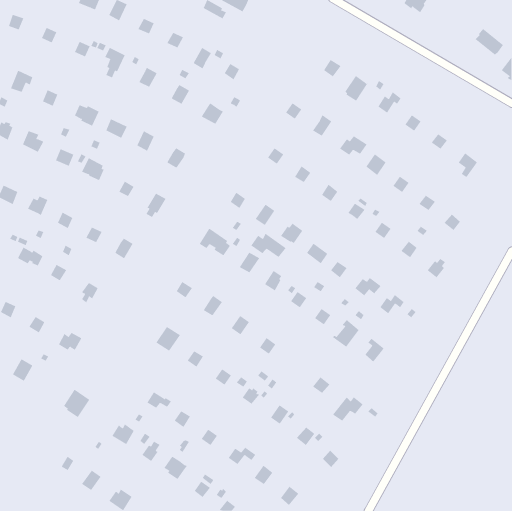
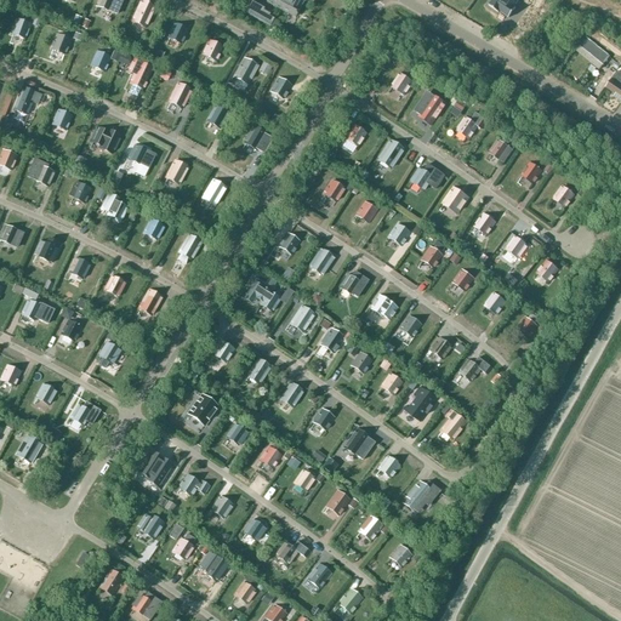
building: [250,233,287,258] -> none
building: none -> [342,426,374,458]
building: [63,389,90,418] -> [138,450,171,485]

